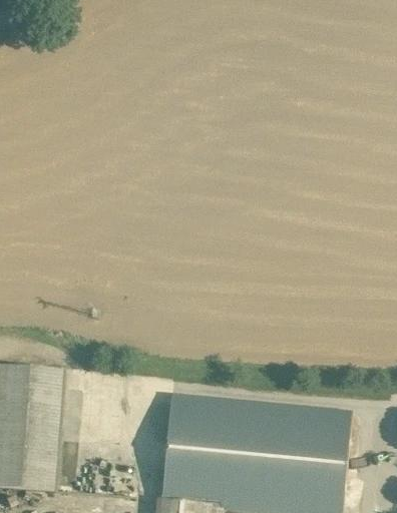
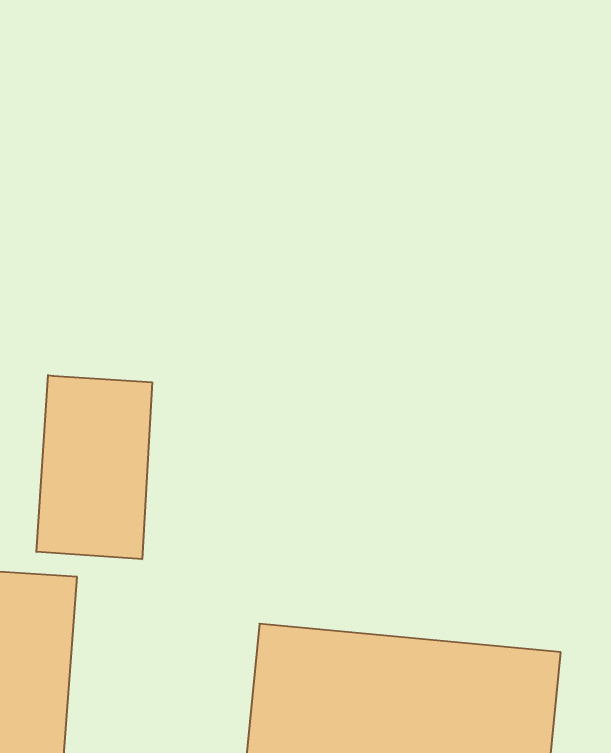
building: none -> [36,375,152,559]

